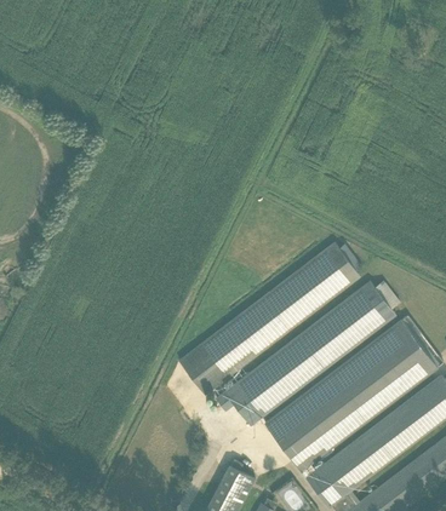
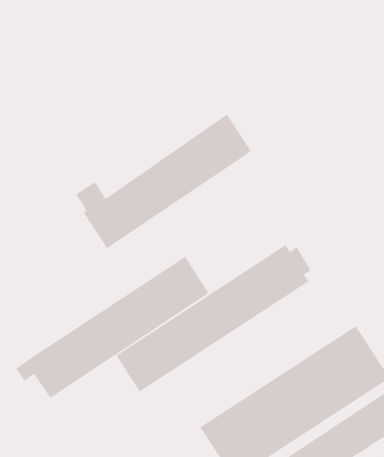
building: none -> [75,114,251,249]
building: [215,280,395,425] -> [15,256,210,399]

